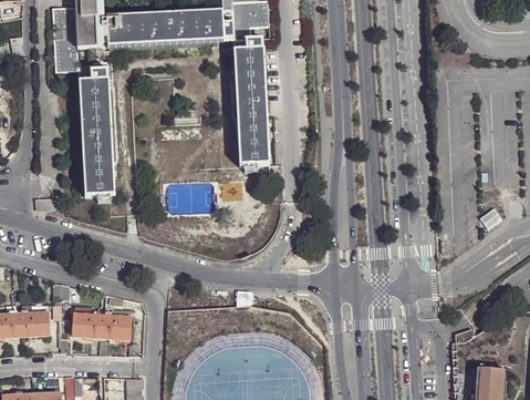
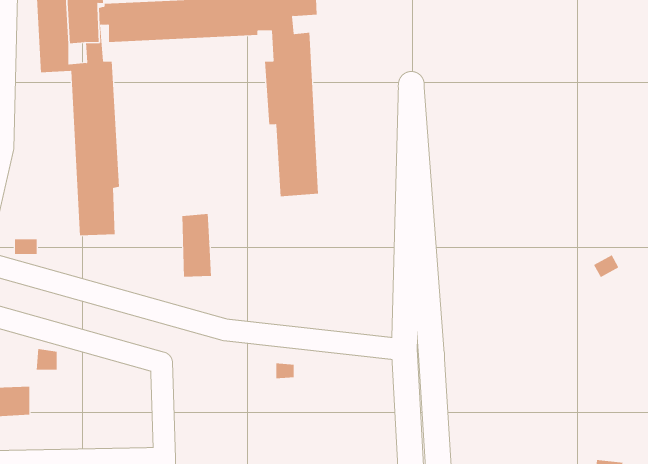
building: none -> [182,213,211,278]
building: [72,312,129,337] -> none

